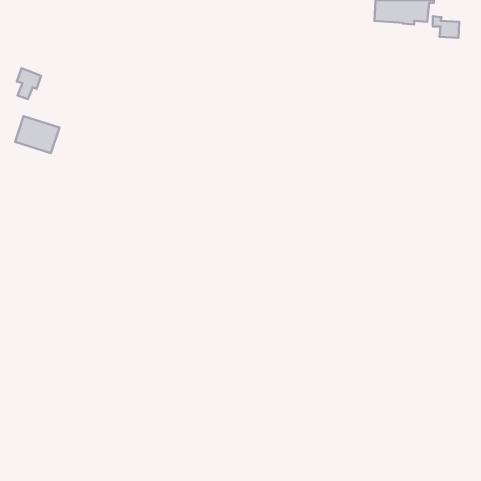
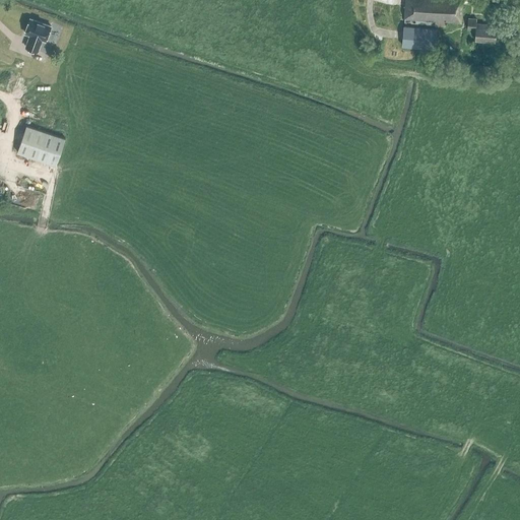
building: none -> [401,27,435,50]
building: [17,68,41,99] -> [23,20,50,54]

